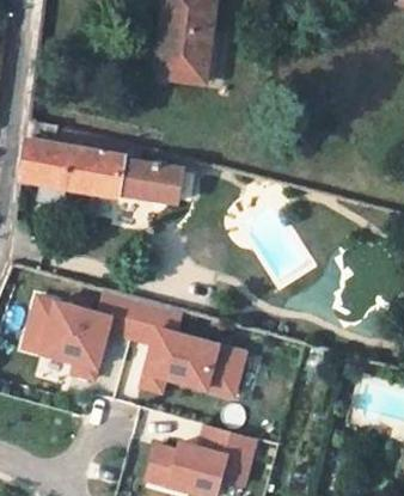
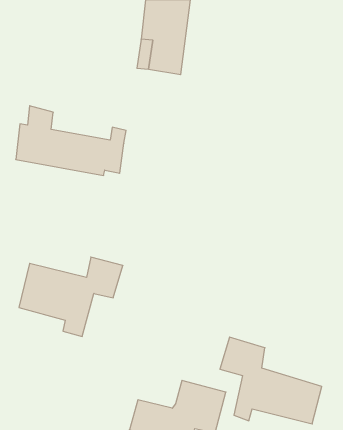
building: [136,161,183,201] -> none
building: [129,298,243,394] -> [220,337,322,424]

